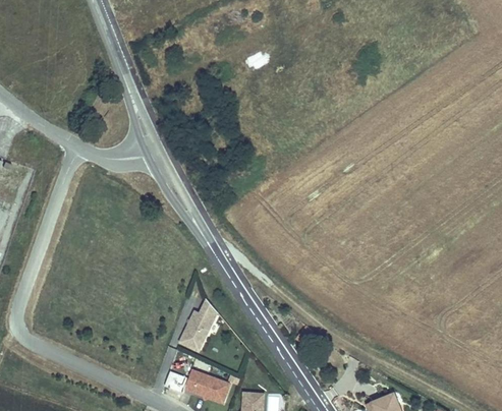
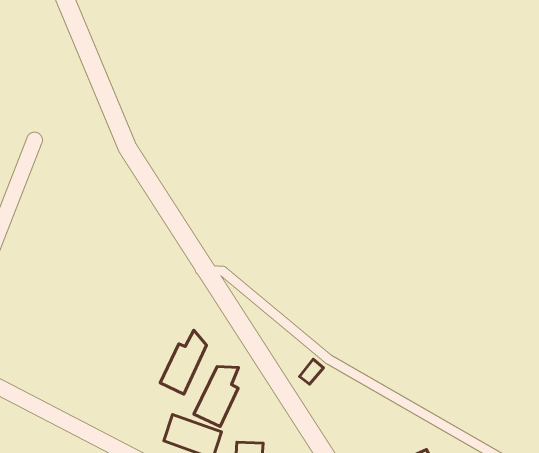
building: none -> [194,367,238,427]

